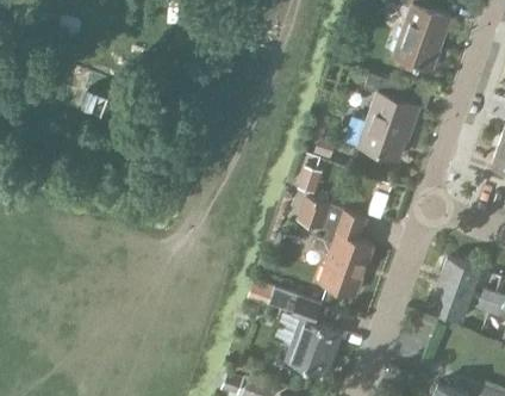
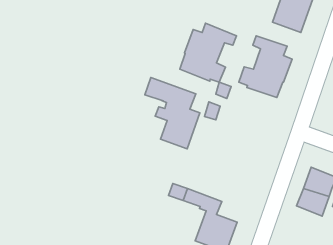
building: none -> [180,23,236,82]
building: [298,197,374,296] -> [145,78,200,149]

